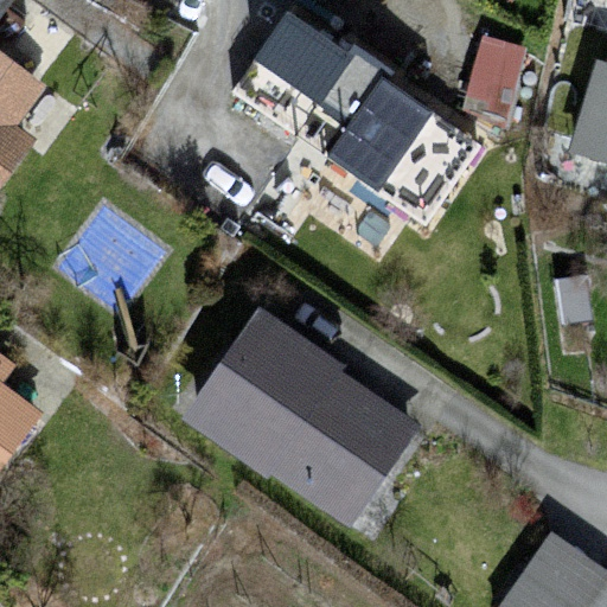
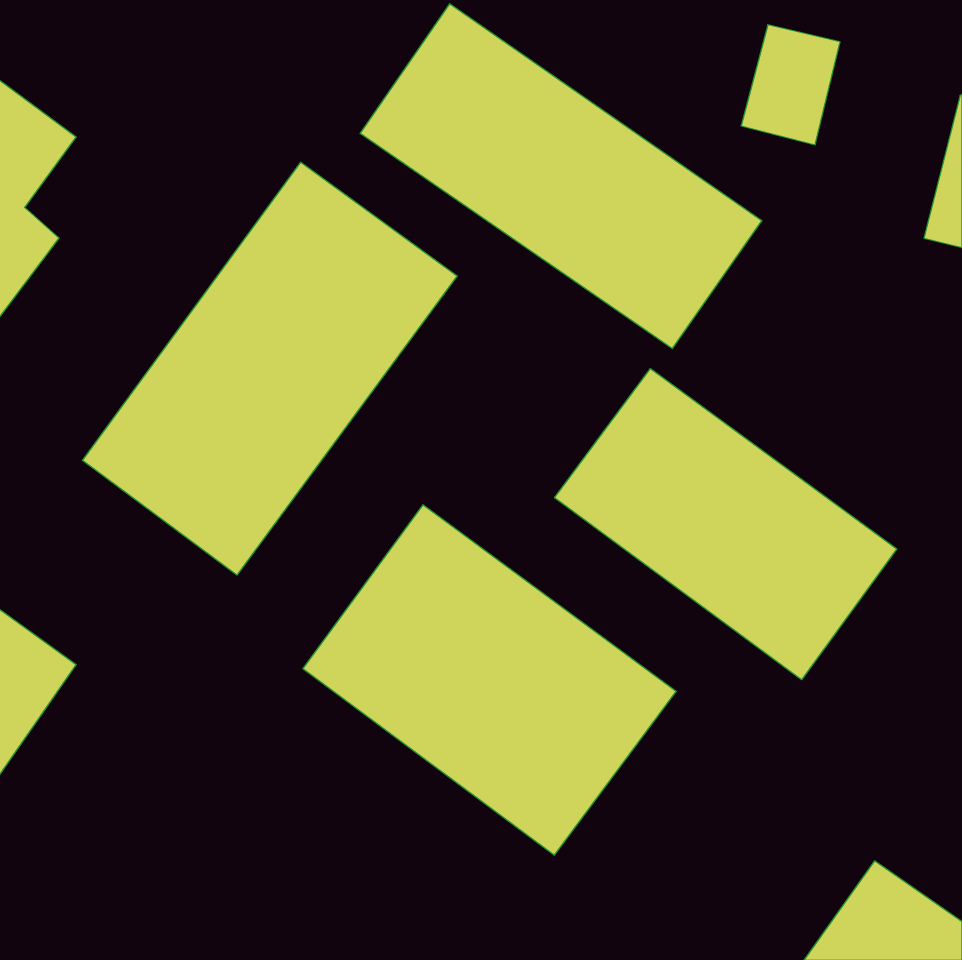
building: none -> [82,162,457,575]
building: none -> [555,369,897,680]

